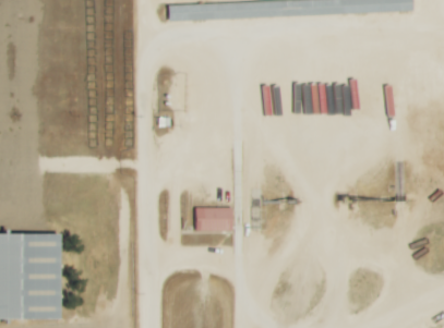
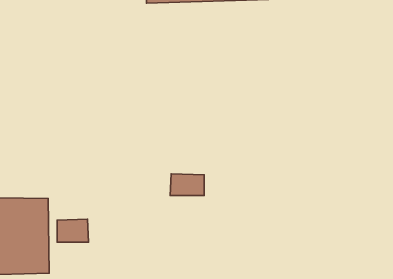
building: none -> [57,219,88,242]

